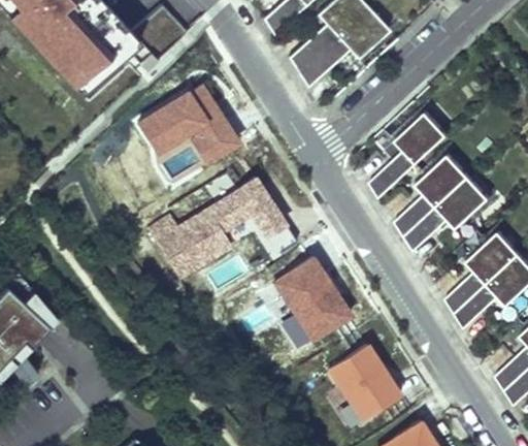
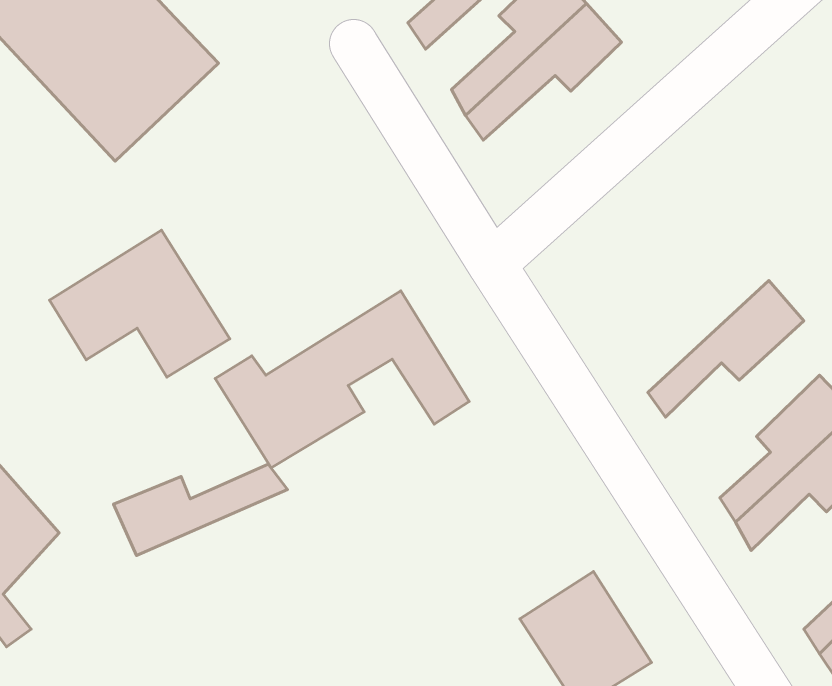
building: [136,79,242,166] -> [49,230,230,377]
building: [368,116,442,199] -> none
building: [393,151,473,237] -> none
building: [274,254,356,342] -> none
building: none -> [114,464,288,555]

